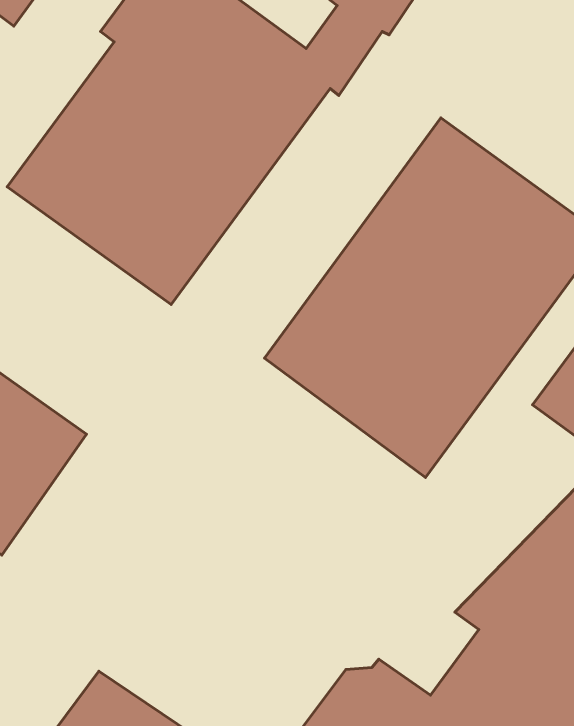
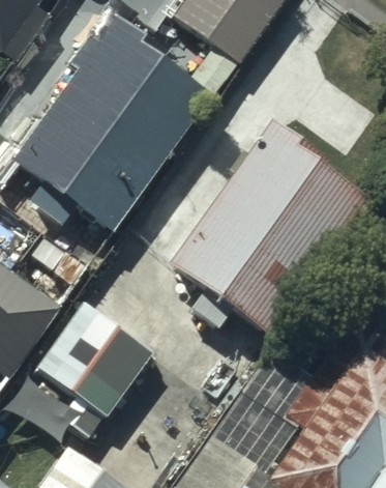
building: none -> [35,299,154,441]

